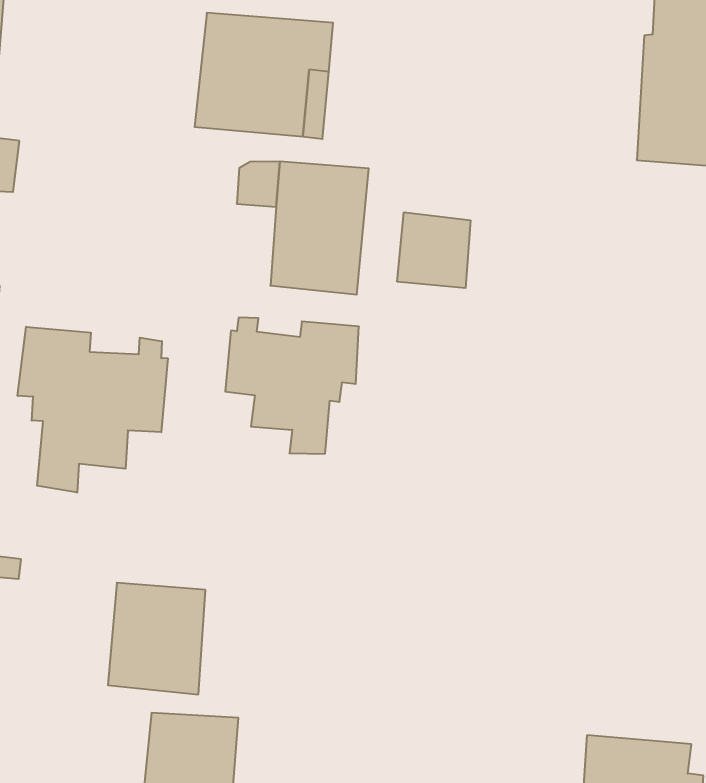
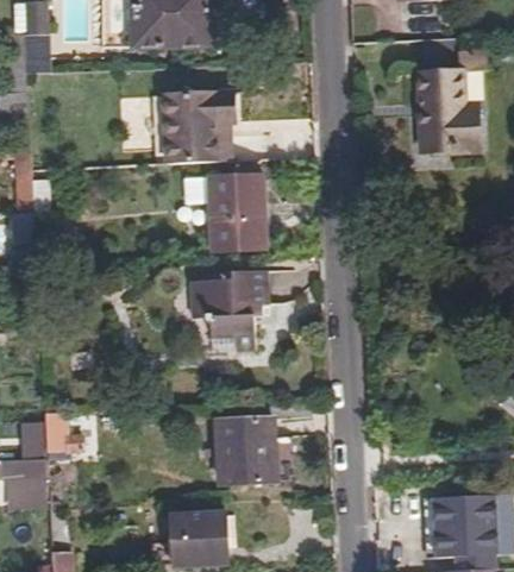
building: [397,212,470,288] -> none
building: [18,327,168,493] -> none
building: [108,583,205,694] -> [218,416,275,480]

